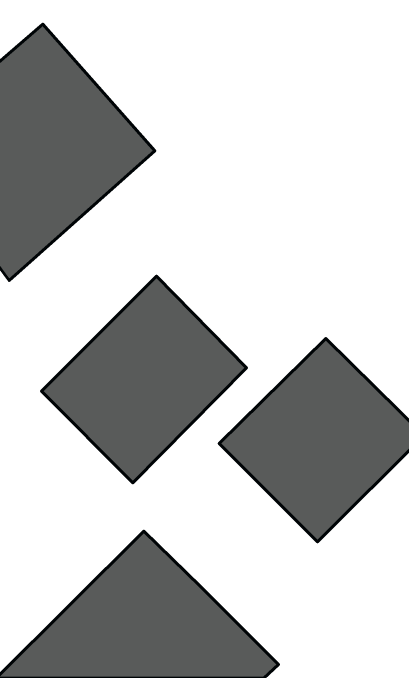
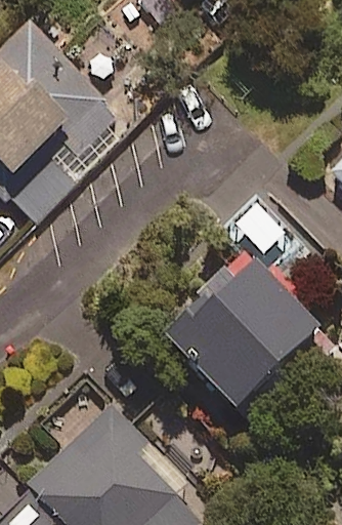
building: [42,276,247,483] -> none

